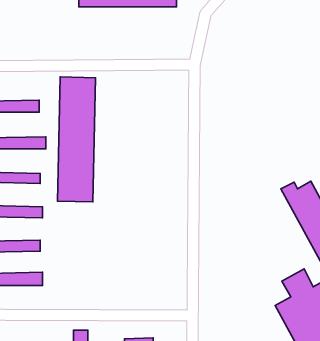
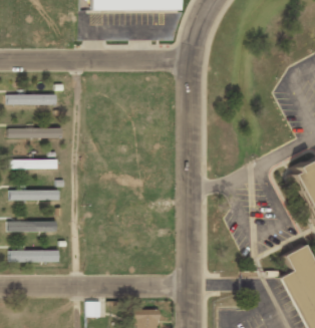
building: [57,77,96,202] -> none

